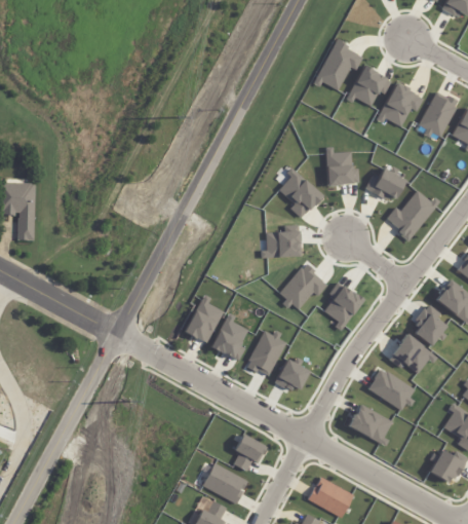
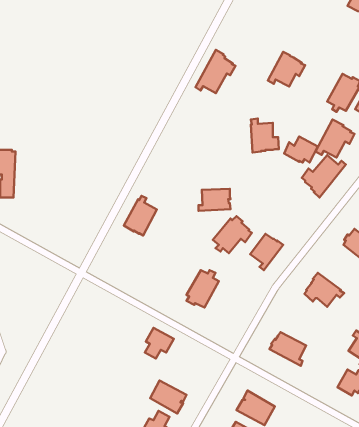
building: [312,38,360,90] -> [196,50,235,93]
building: [375,81,422,127] -> [315,119,354,157]
building: [277,166,322,217] -> none
building: [183,295,223,343] -> [124,196,157,236]
building: [413,304,446,346] -> none
building: [210,313,247,361] -> none
building: [274,358,308,389] -> none
building: [367,369,414,410] -> none
building: [232,434,267,471] -> [145,328,174,358]

